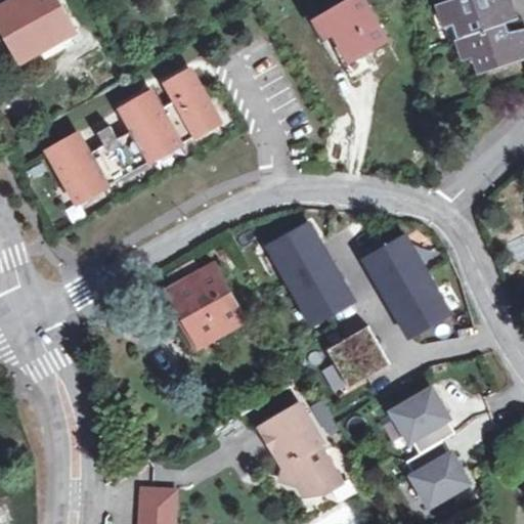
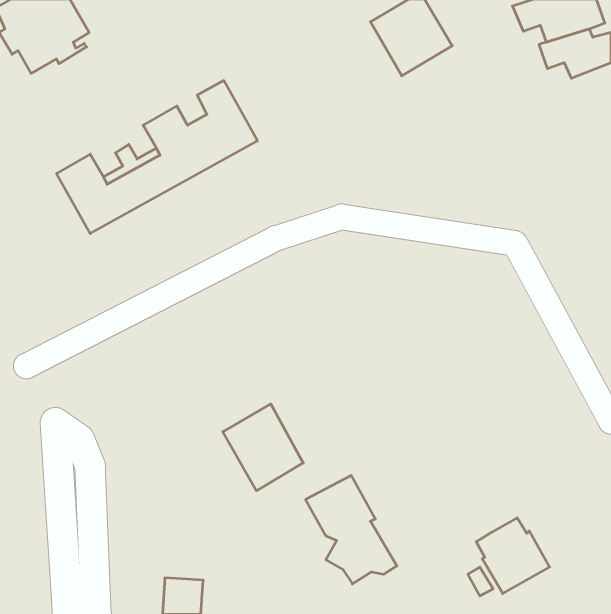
building: [267,223,351,323] -> none
building: [360,236,446,337] -> none
building: [173,263,242,337] -> [223,404,303,491]
building: [324,326,387,389] -> none
building: [391,388,453,452] -> none

